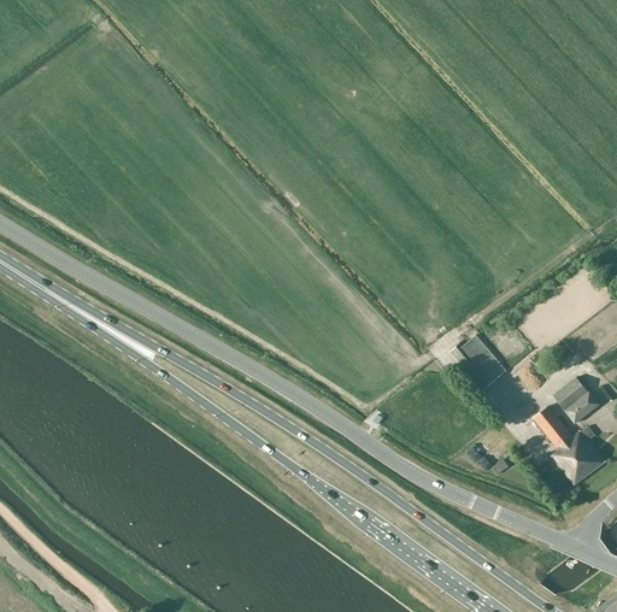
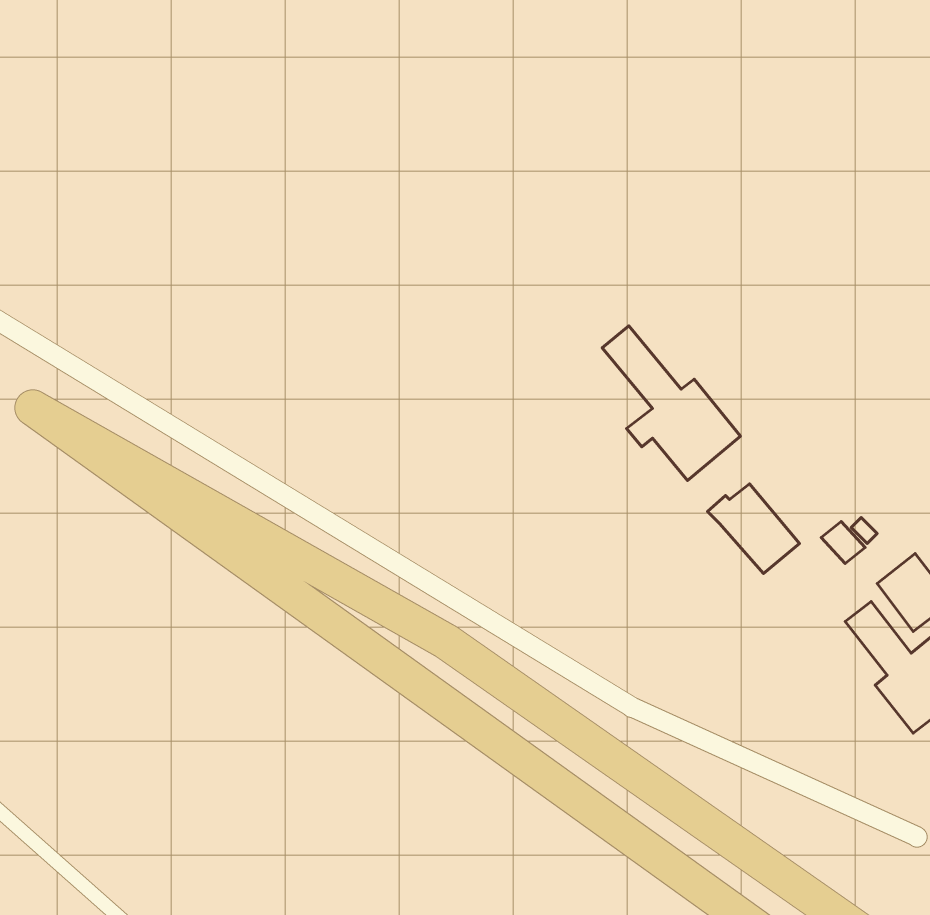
building: none -> [602,326,741,480]

